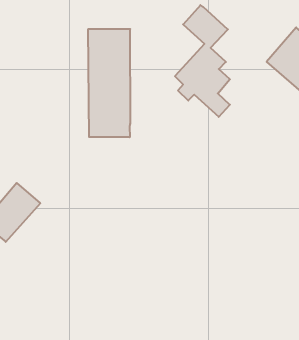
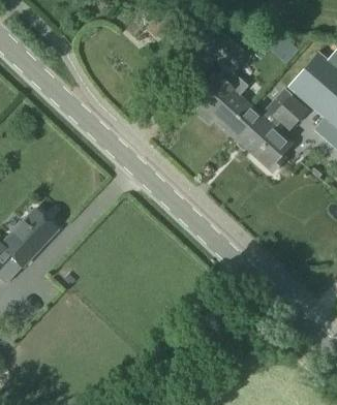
building: [88,29,130,137] -> none
building: none -> [238,89,306,173]

